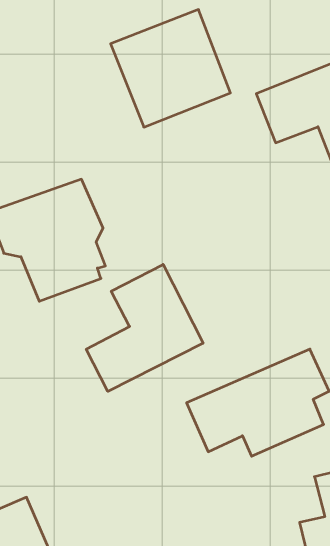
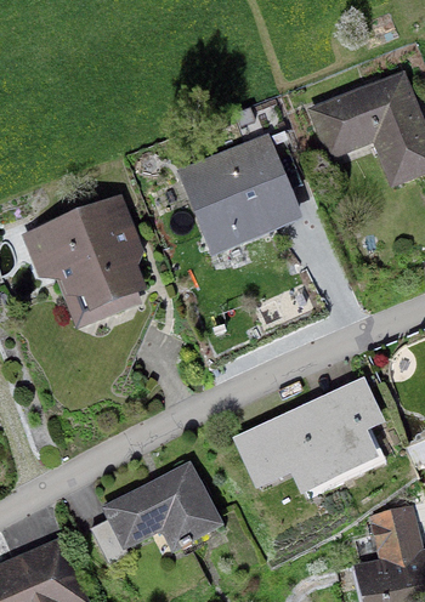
building: [111,10,230,127] -> [175,132,302,257]
building: [86,264,203,391] -> none
building: none -> [89,459,223,564]

